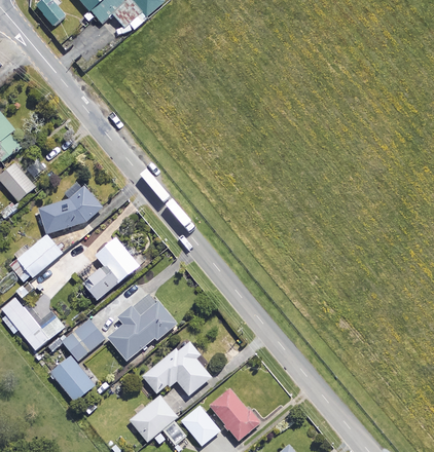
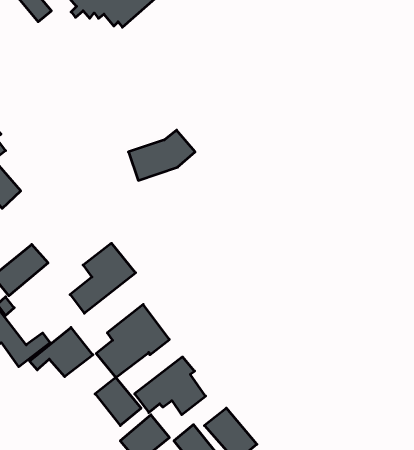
building: [38,188,101,235] -> [128,130,195,180]
building: [50,356,94,402] -> [95,378,141,426]

